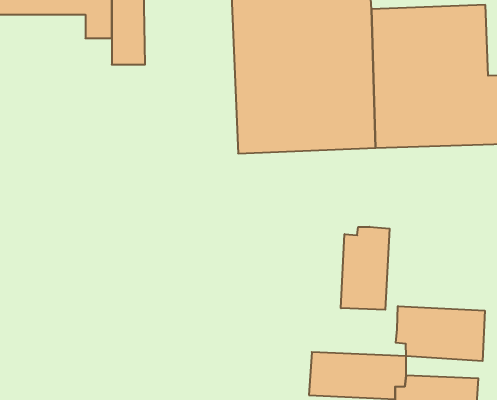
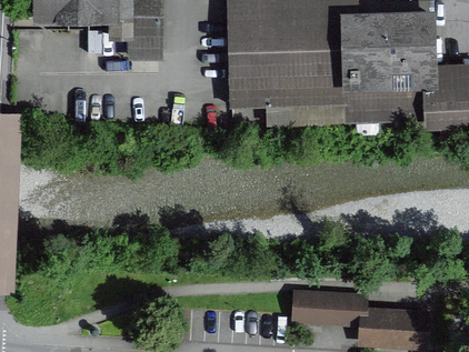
building: [341,227,390,310] -> none
building: [396,306,485,361] -> none

